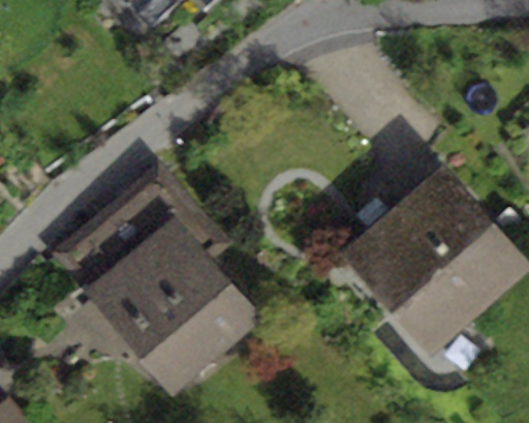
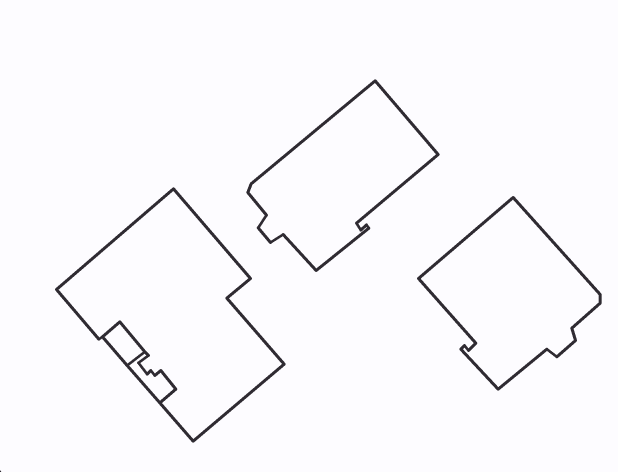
building: none -> [248,81,438,271]

